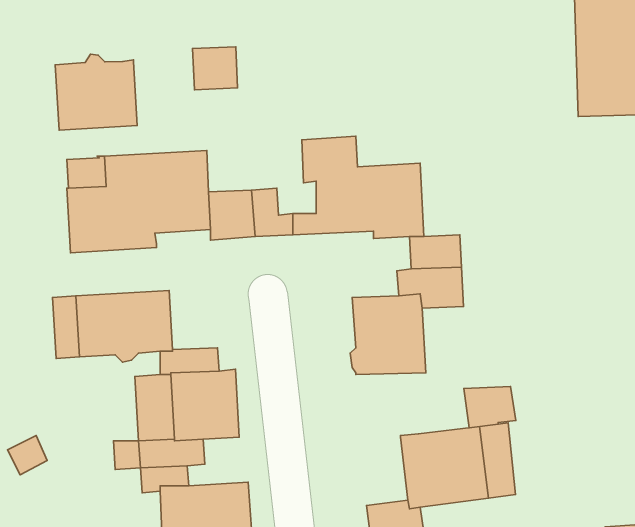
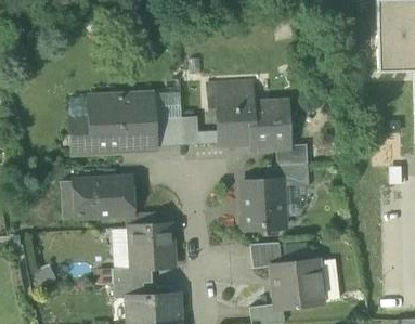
building: [193,47,238,90] -> [154,91,181,117]
building: [55,54,137,130] -> none
building: [464,387,516,428] -> [250,243,282,268]

